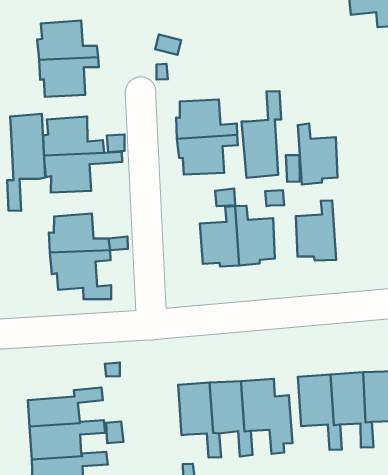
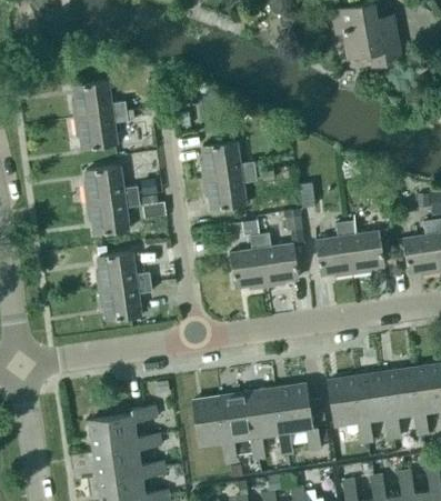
building: [242,91,281,178] -> none
building: [7,114,45,211] -> none
building: [298,124,337,184] -> [344,219,383,273]
building: none -> [192,395,237,462]

